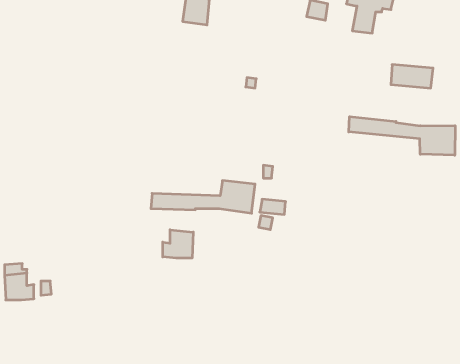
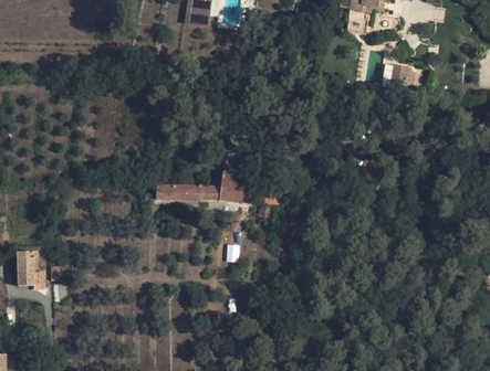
building: [349,117,455,155] -> none
building: [163,230,193,258] -> none

